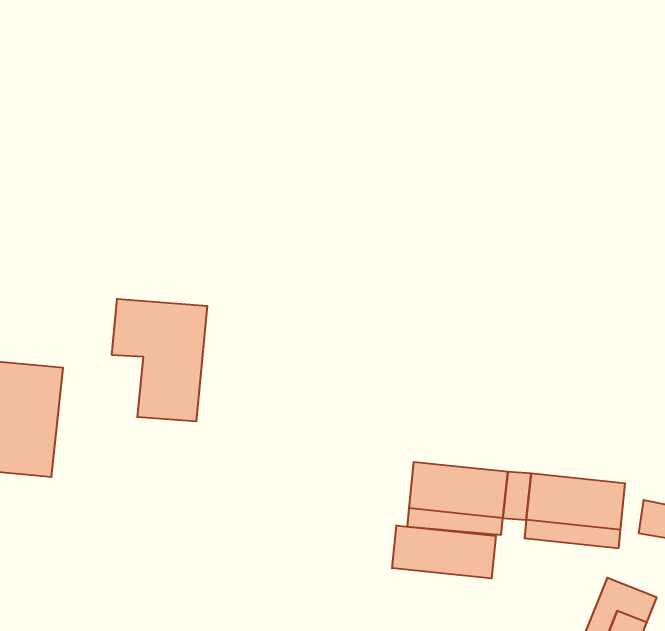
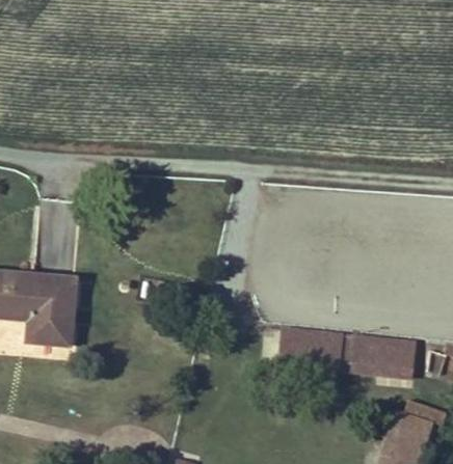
building: [112,299,207,421] -> none
building: [392,525,496,579] -> none

